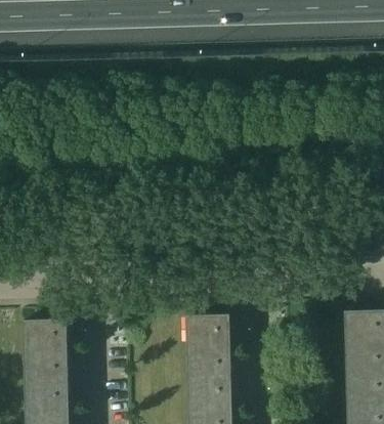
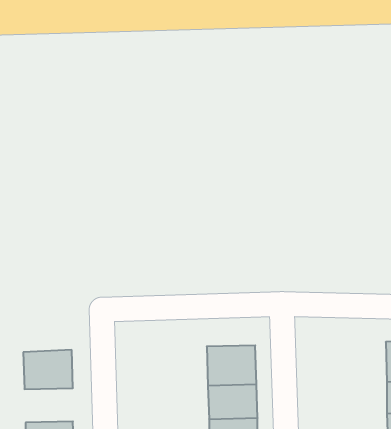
building: [25,352,68,383] -> none

